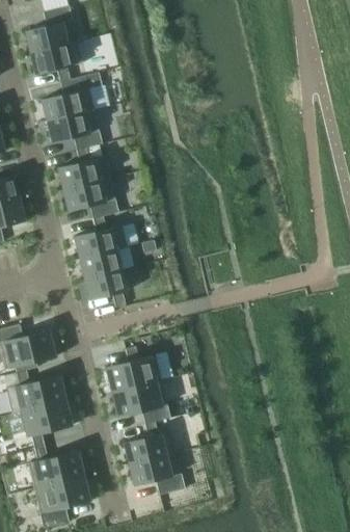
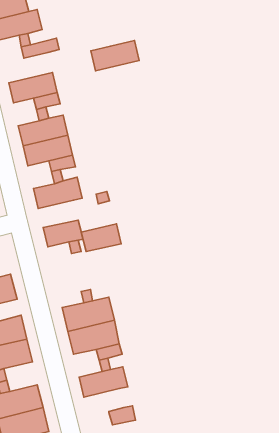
building: [41,88,93,122] -> [91,40,139,71]
building: [78,249,122,280] -> [81,224,121,251]
building: [128,455,171,486] -> none

